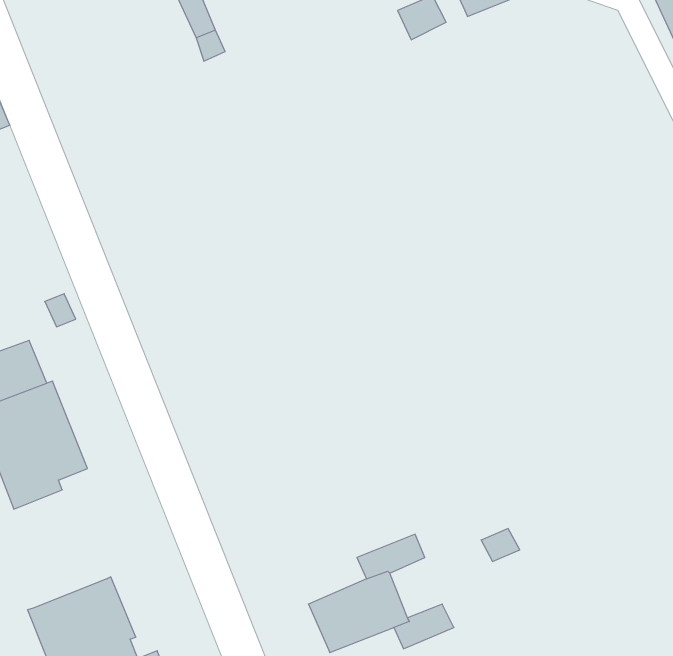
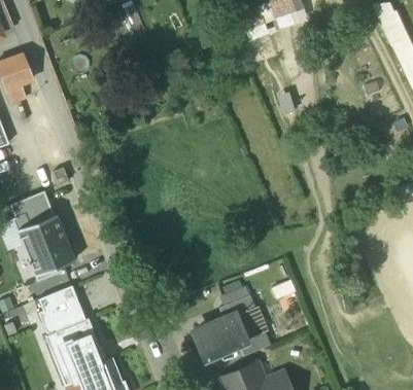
building: none -> [37,285,85,334]

